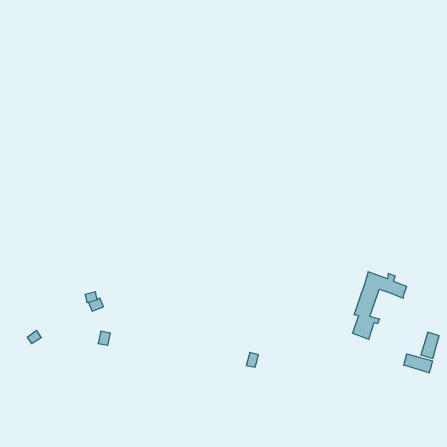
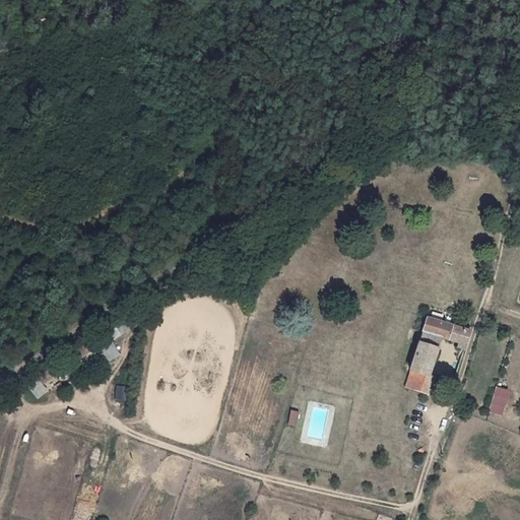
building: [404,354,433,373] -> none

